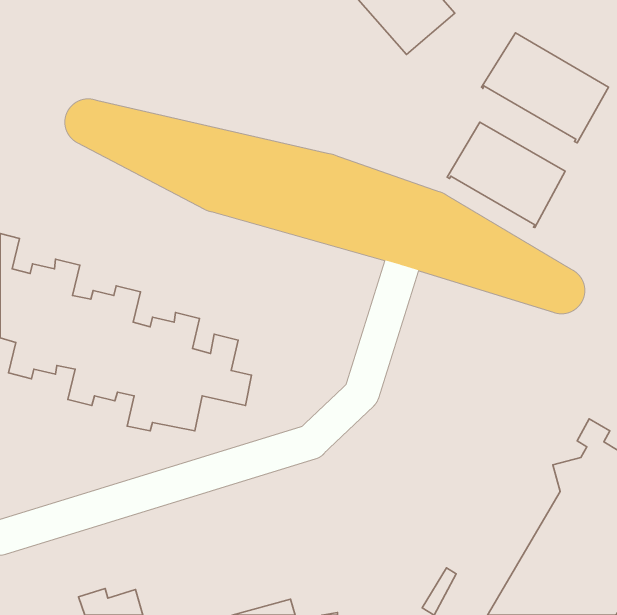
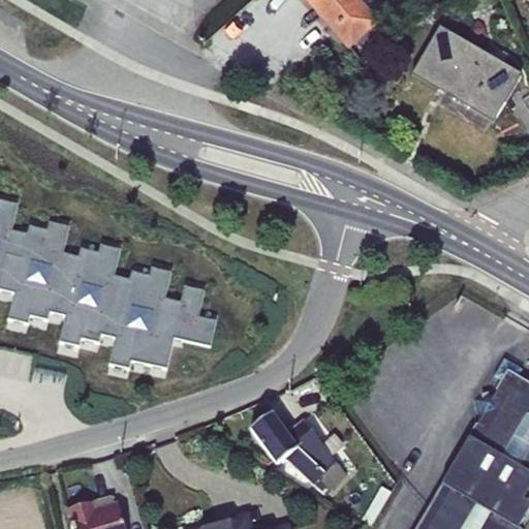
building: [447,122,565,227] -> none
building: none -> [250,413,346,495]

